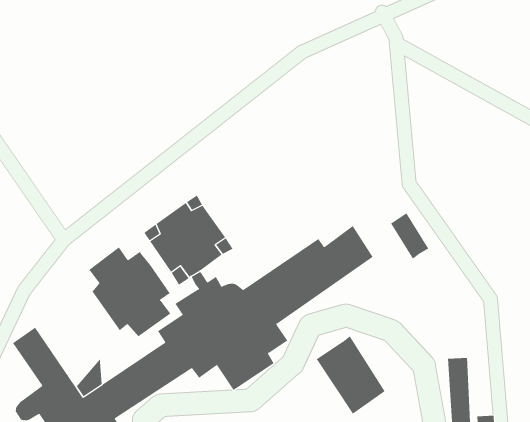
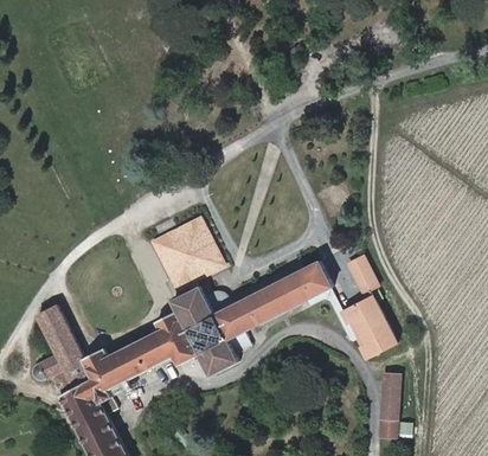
building: [88,247,171,337] -> none
building: [316,336,385,414] -> [341,293,393,355]

